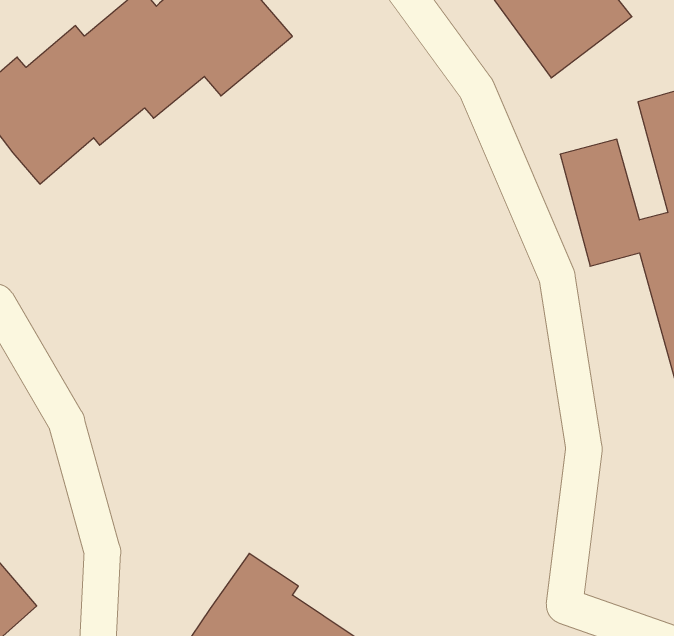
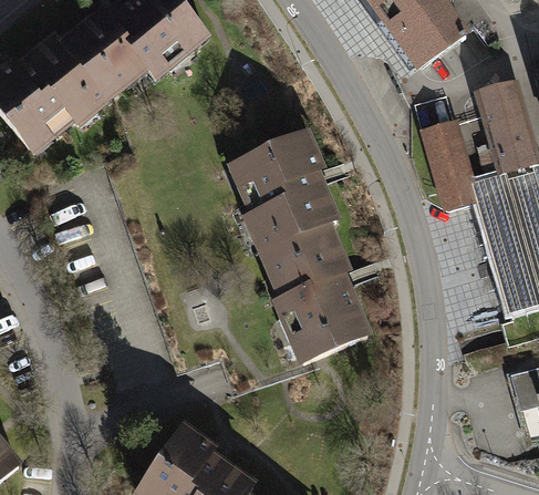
building: none -> [232,133,374,364]

